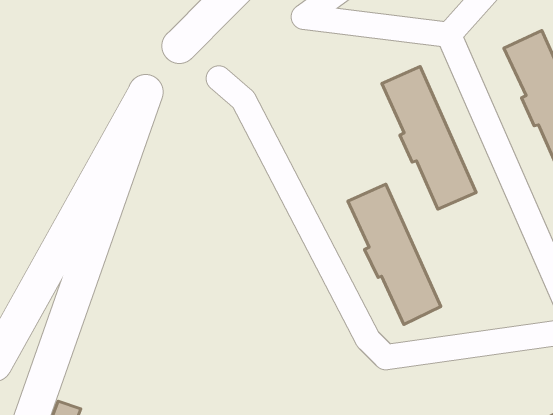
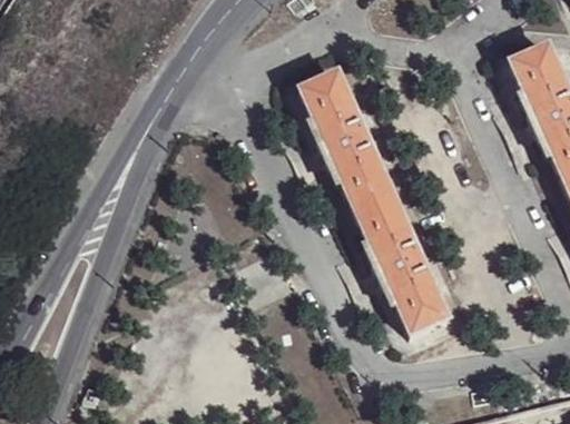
building: [382,67,476,209] -> [298,68,392,209]

